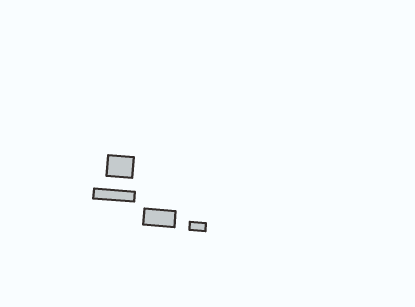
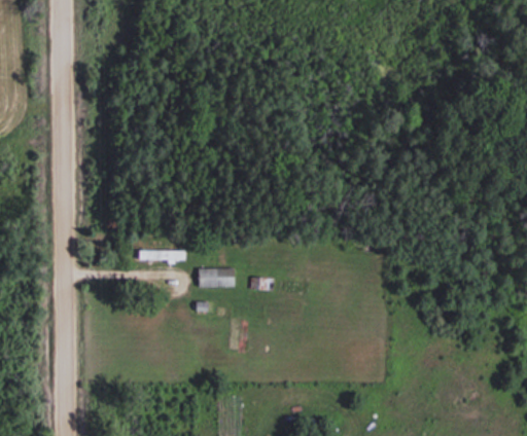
building: [107,155,134,178] -> none

